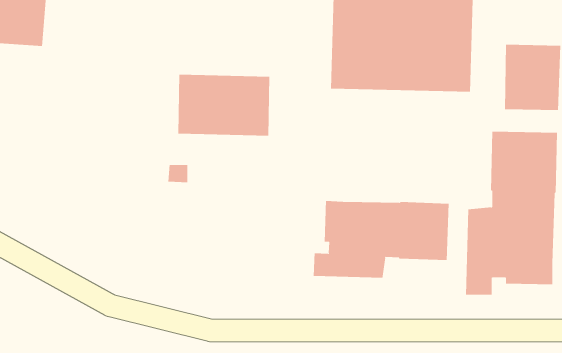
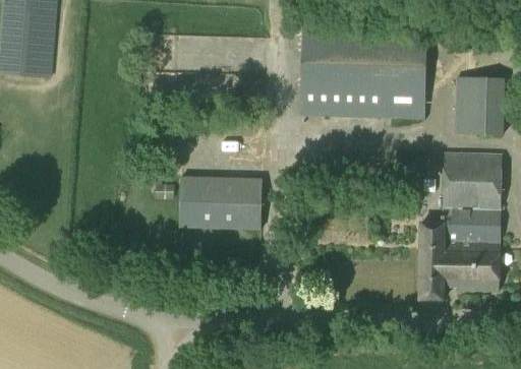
building: [178,74,270,136] -> [179,176,262,231]
building: [313,200,449,278] -> none

